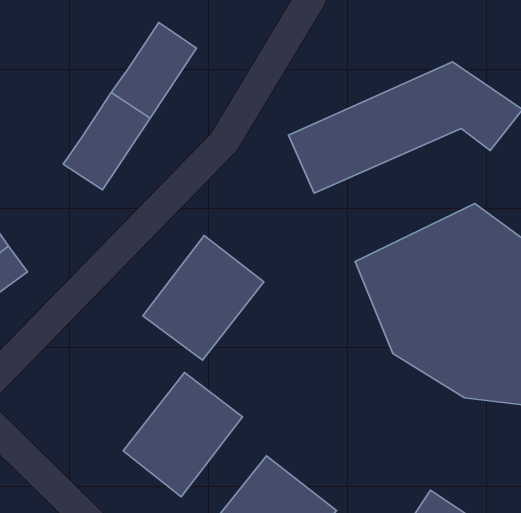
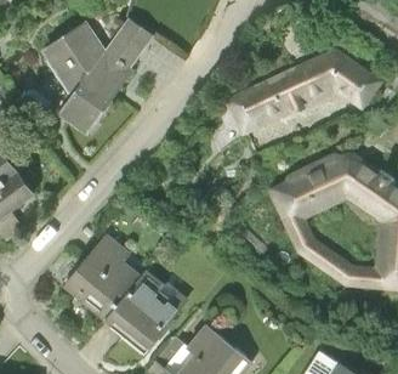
building: none -> [39,17,106,98]
building: [143,236,264,360] -> [59,233,146,322]

